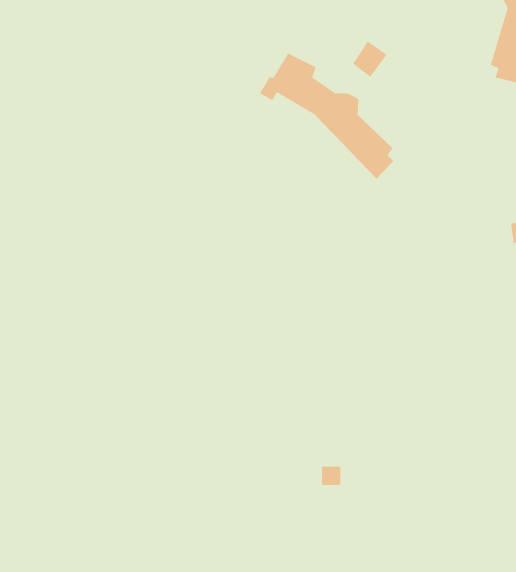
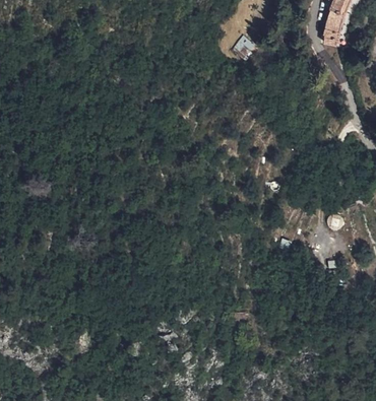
building: [259,52,394,180] -> none

